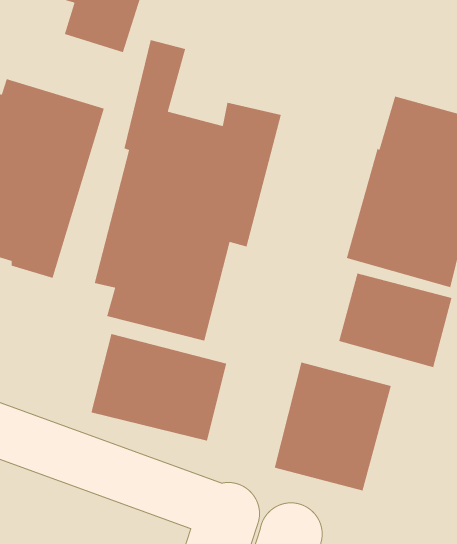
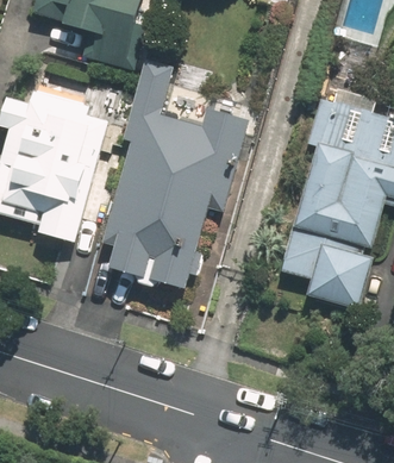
building: [90,333,227,441] -> none
building: [274,361,392,491] -> none

